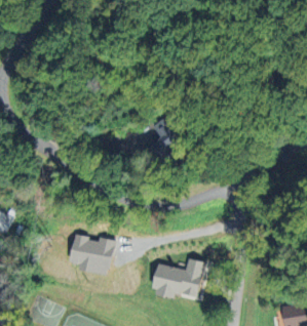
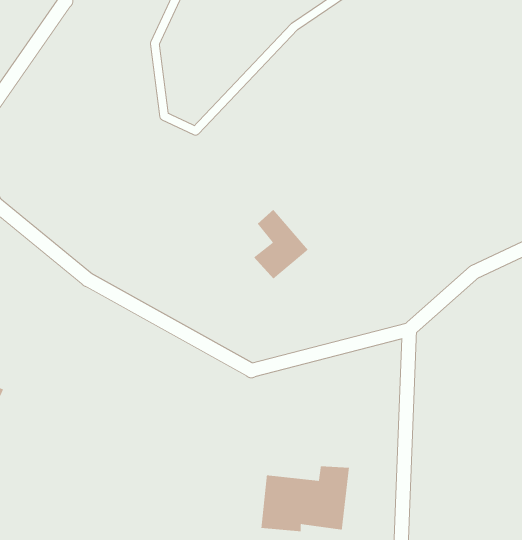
building: [69,235,115,275] -> none

